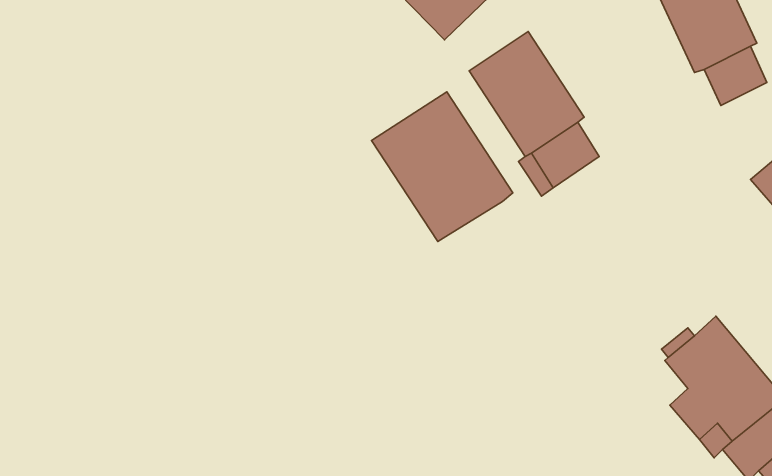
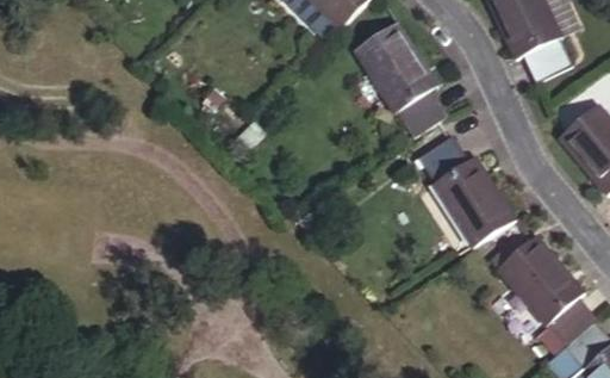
building: [372,92,513,242] -> none
building: none -> [416,135,512,244]

